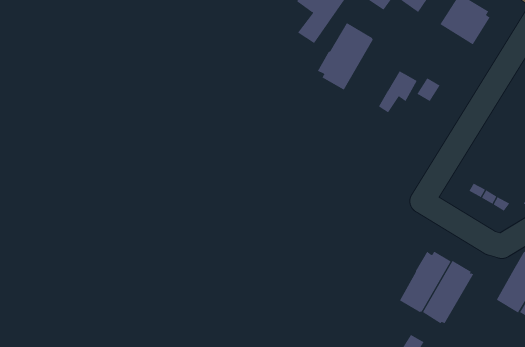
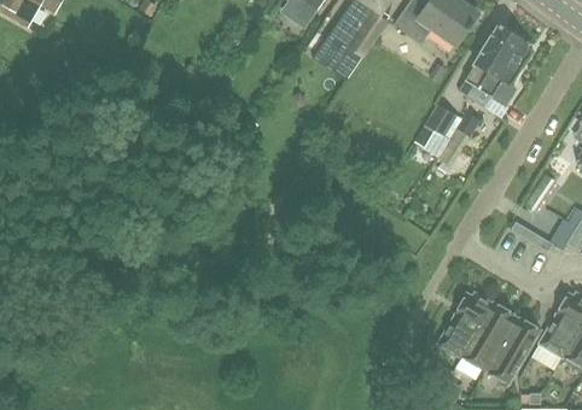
building: [317,22,374,92] -> none
building: none -> [458,57,514,106]
building: none -> [484,317,539,385]

